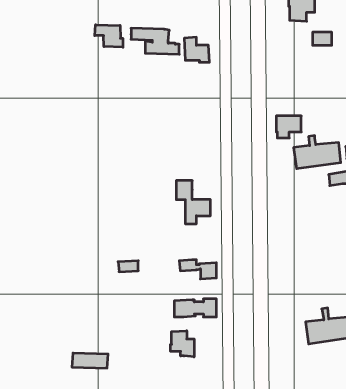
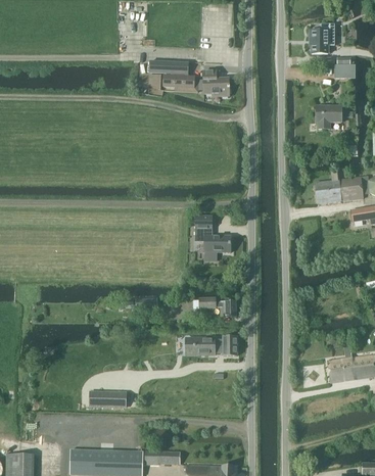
building: [95,25,123,47] -> none
building: [276,116,301,138] -> [316,105,341,128]
building: [171,331,194,357] -> none

